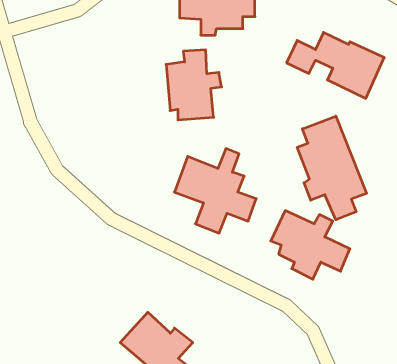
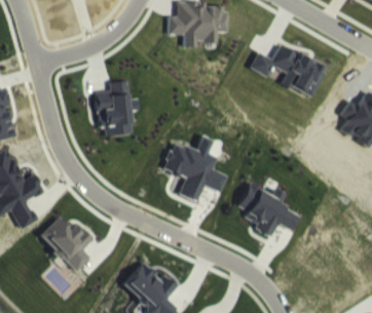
building: [166,50,222,120] -> [96,80,139,134]
building: [297,116,367,220] -> none
building: none -> [39,214,94,271]

